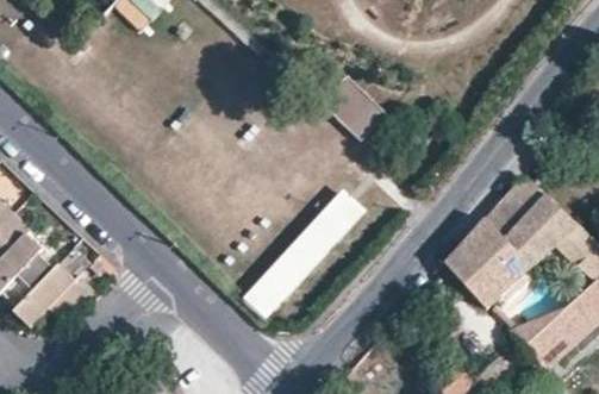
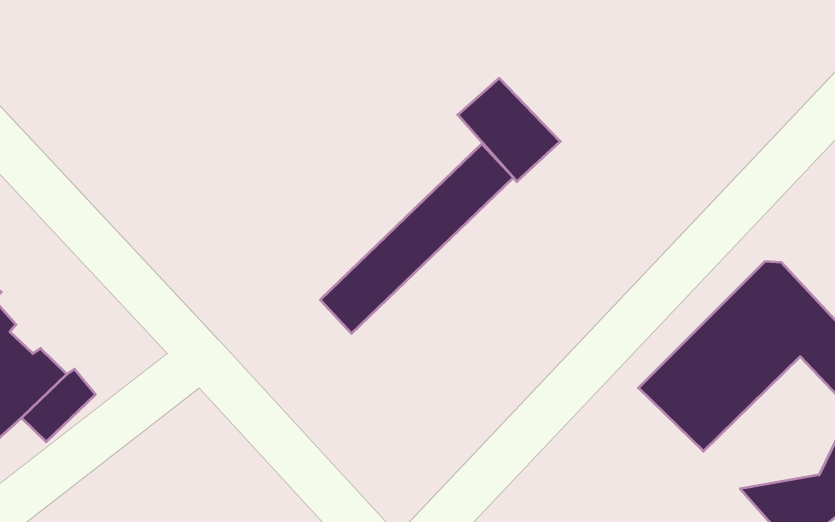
building: [249,190,368,317] -> [320,144,513,333]

